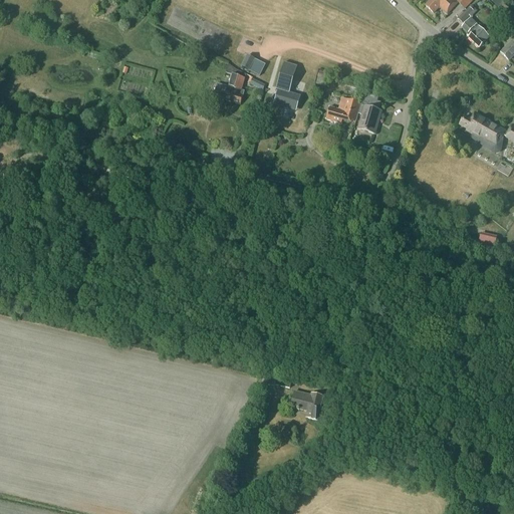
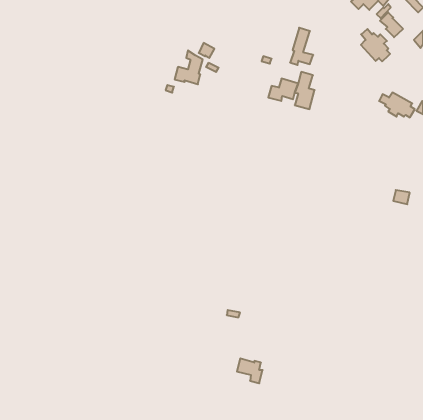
building: none -> [361,29,390,61]
building: [273,60,301,105] -> [290,28,313,65]
building: [290,389,321,419] -> [237,358,263,383]

